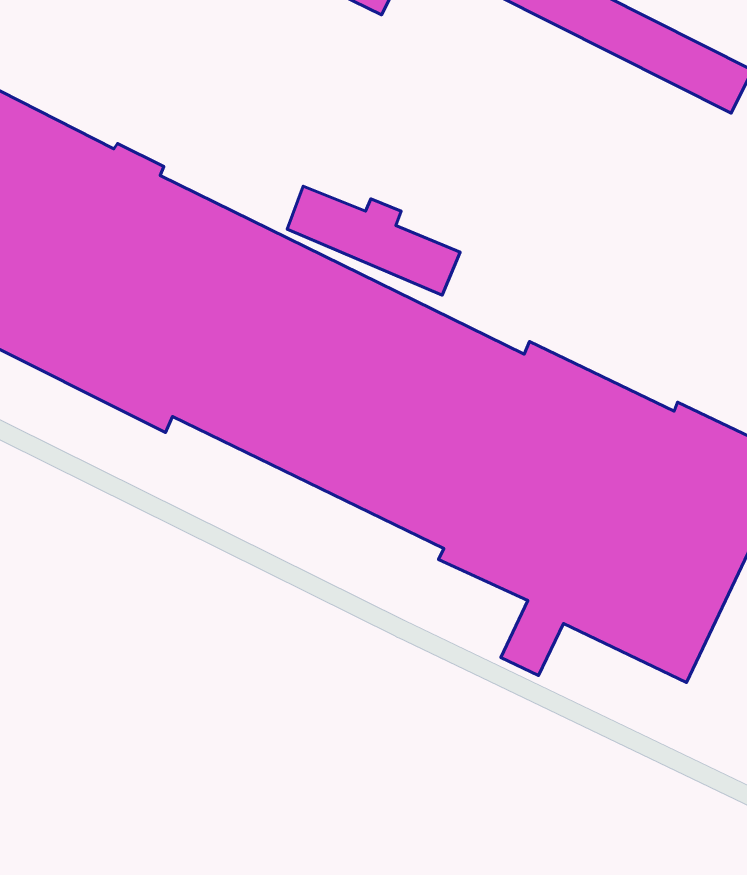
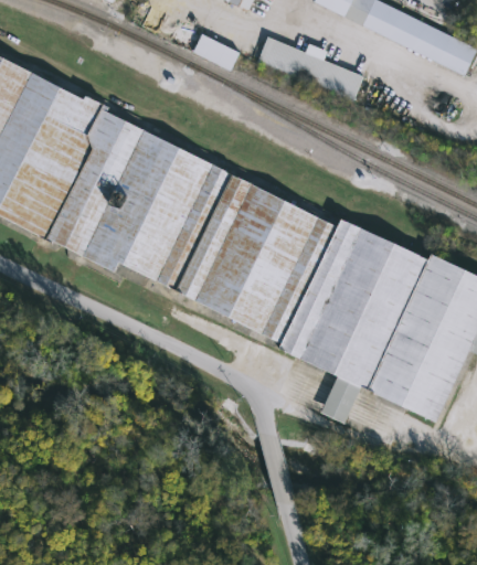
building: none -> [191,32,239,68]
building: [287,186,460,295] -> [256,38,363,105]

